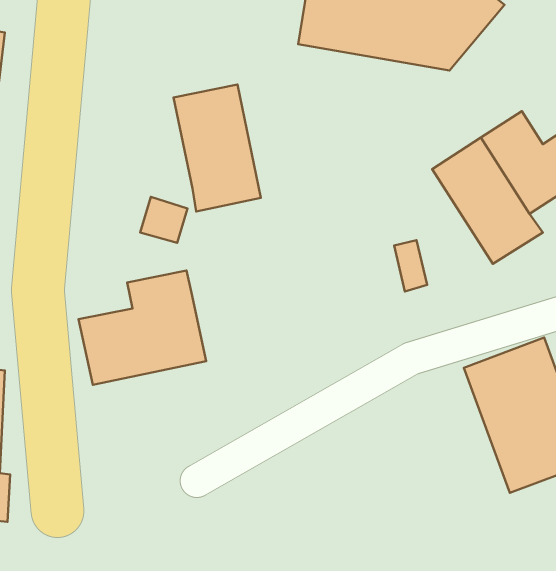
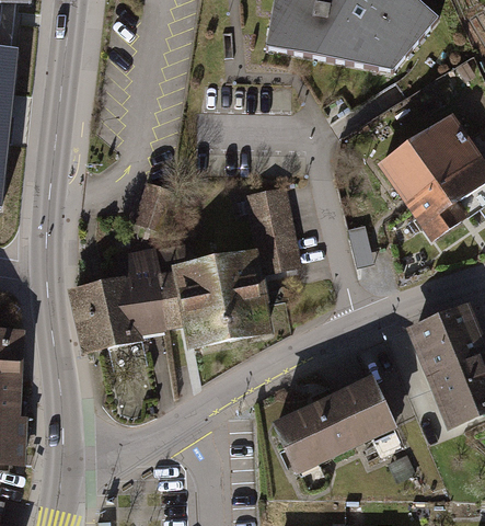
building: [174,85,261,211] -> none
building: none -> [176,182,299,341]
building: none -> [264,375,392,479]

